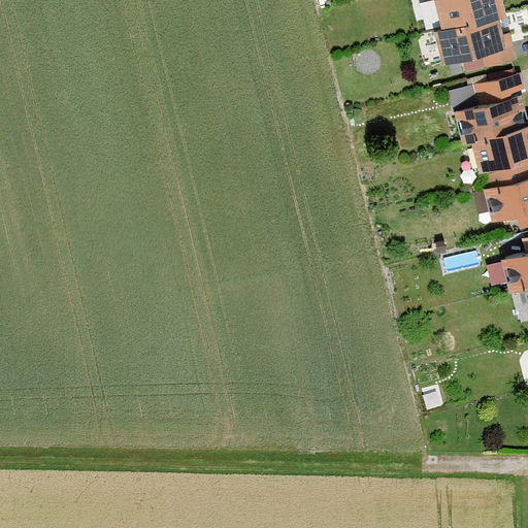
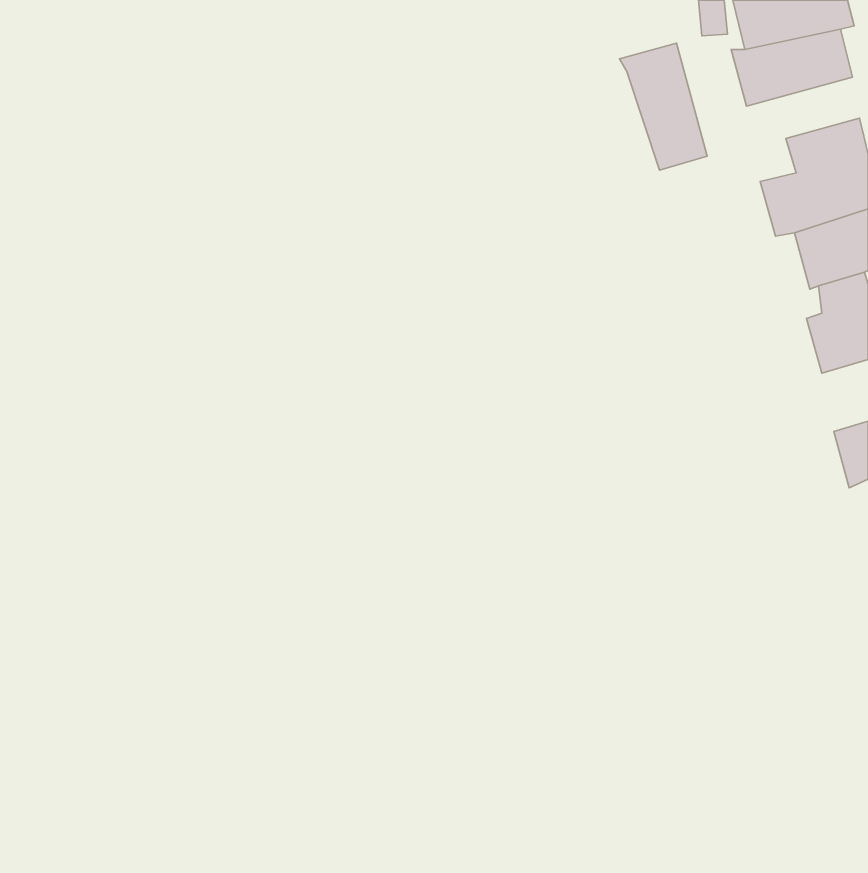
building: none -> [620,43,707,170]

